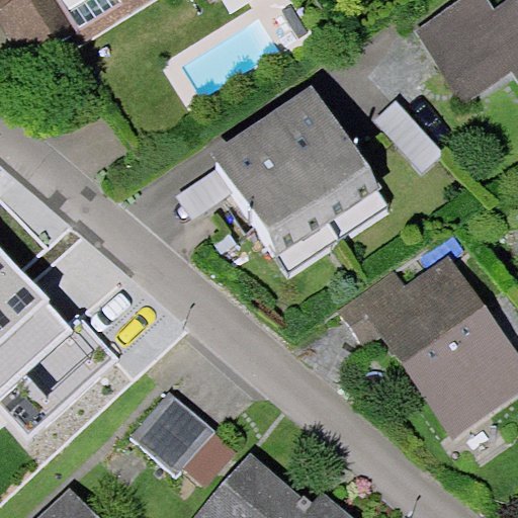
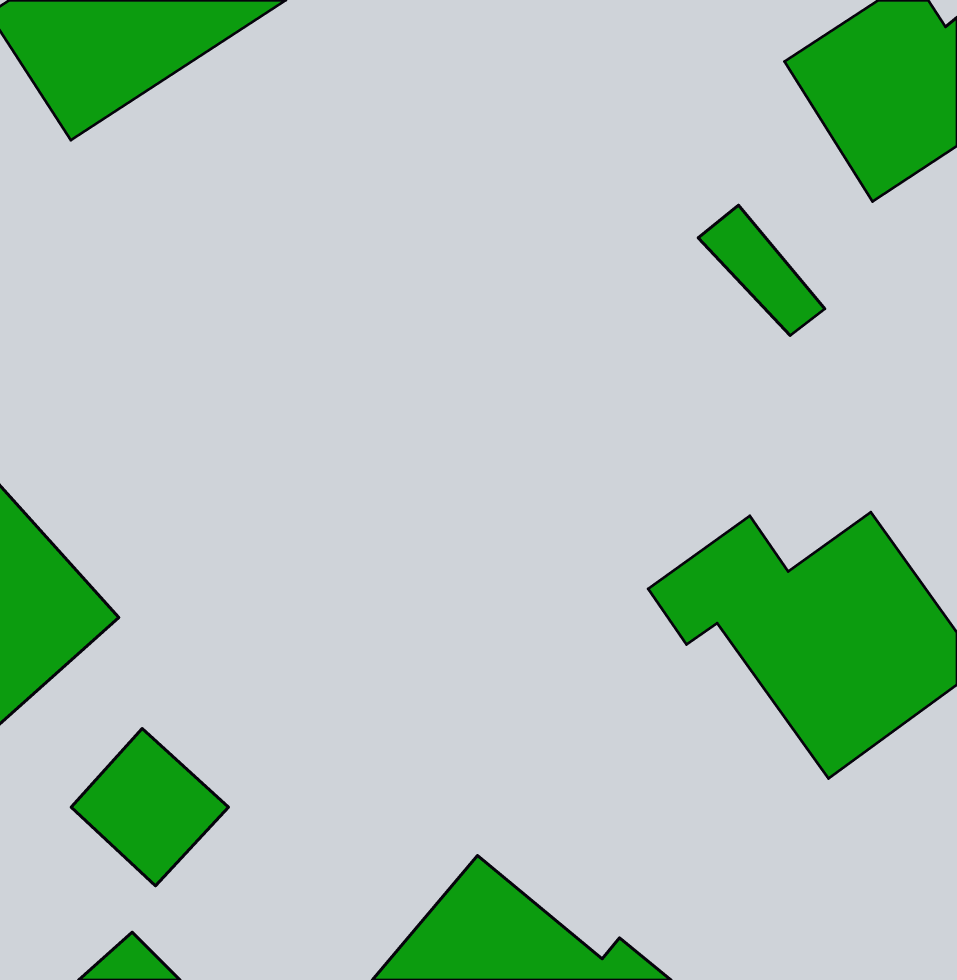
building: [223,105,388,266] -> none
building: [131,392,213,474] -> [71,729,228,886]

